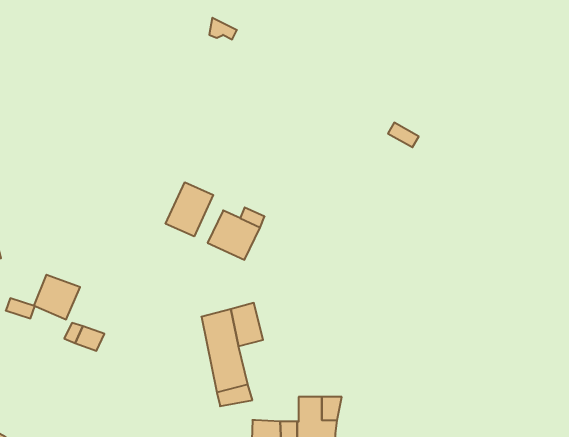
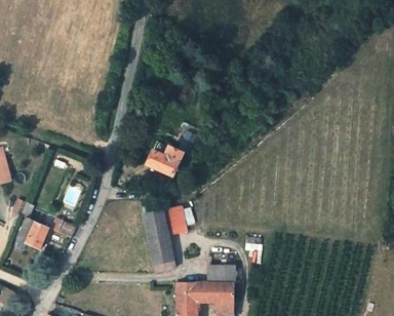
building: [166,182,213,236] -> none
building: [34,275,80,319] -> [18,220,49,249]

